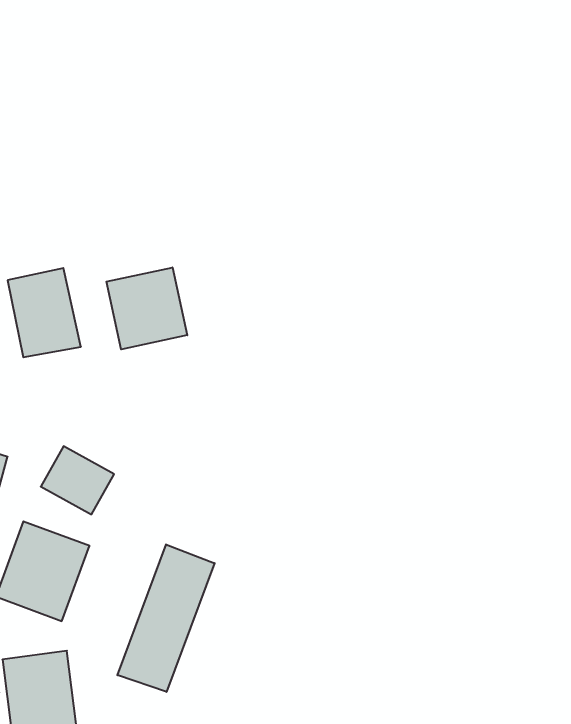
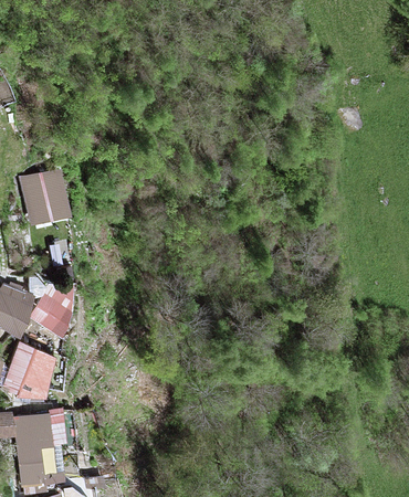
building: [106,267,187,349] -> none
building: [117,544,215,692] -> none

